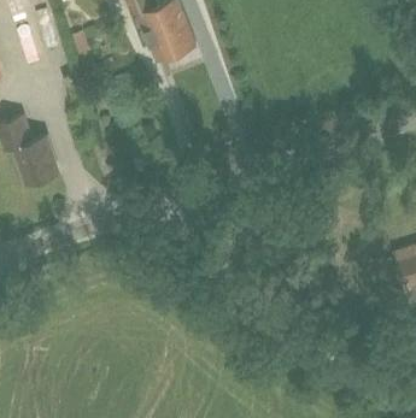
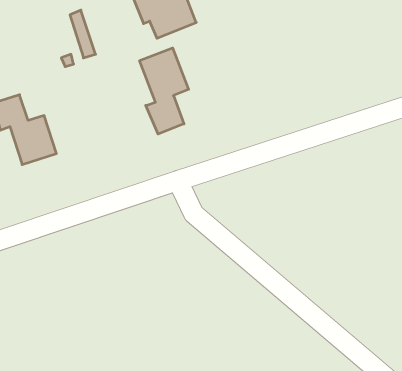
building: none -> [140,48,189,134]

